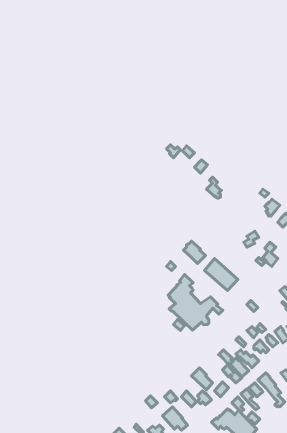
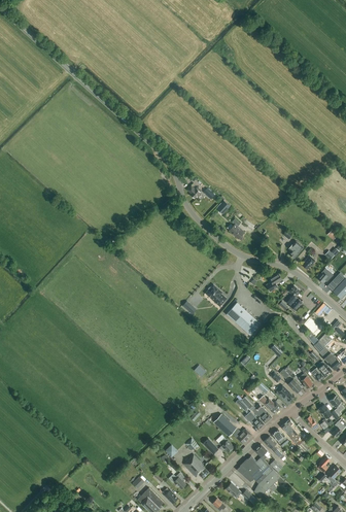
building: [168,274,223,330] -> none

